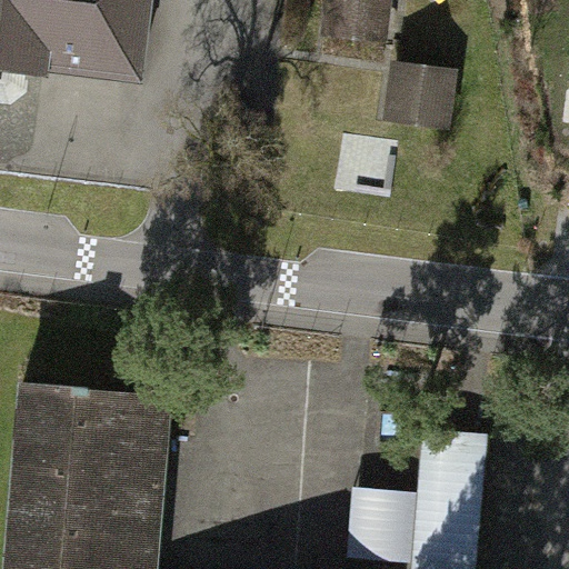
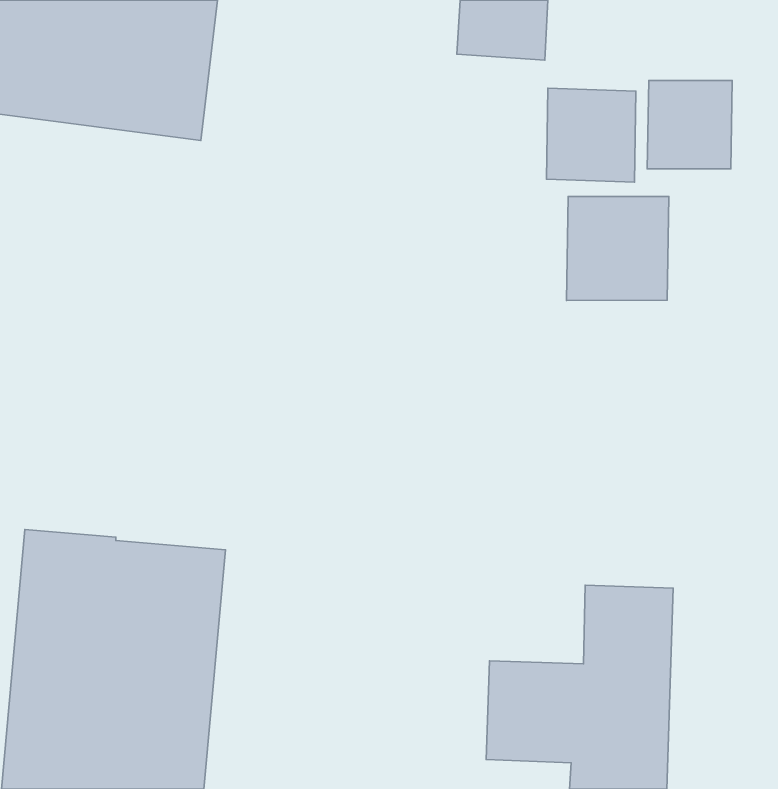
building: none -> [647,81,732,169]
building: none -> [567,196,669,300]

